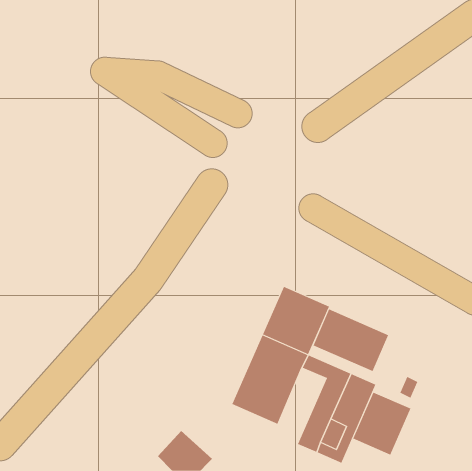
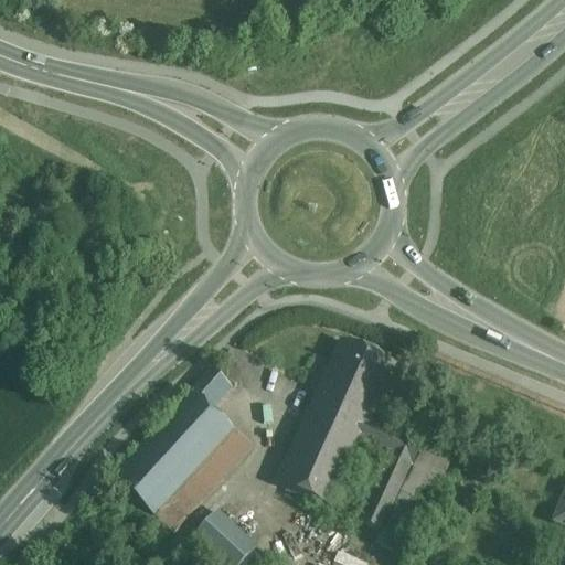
building: [313,309,389,372] -> none
building: none -> [117,367,250,527]
building: [353,392,411,455] -> none

